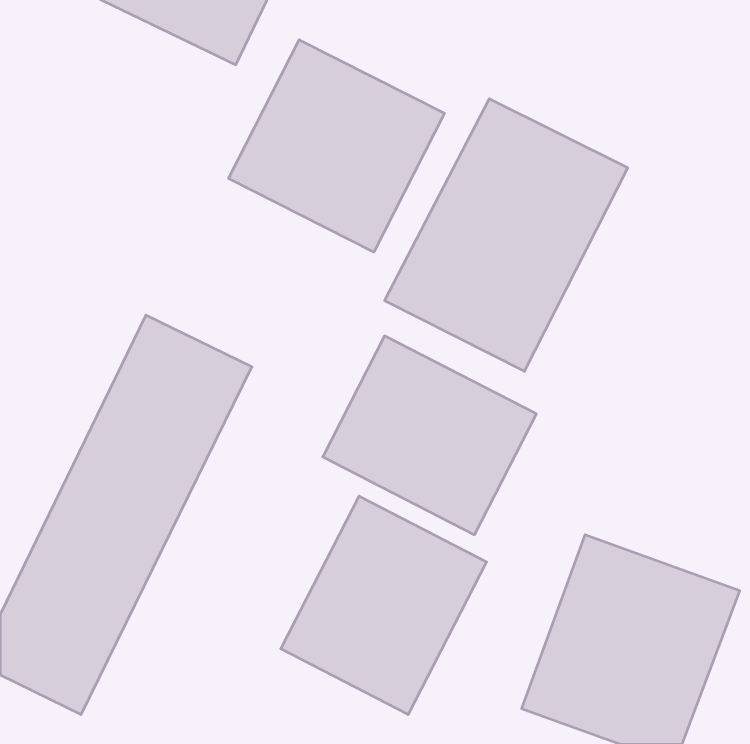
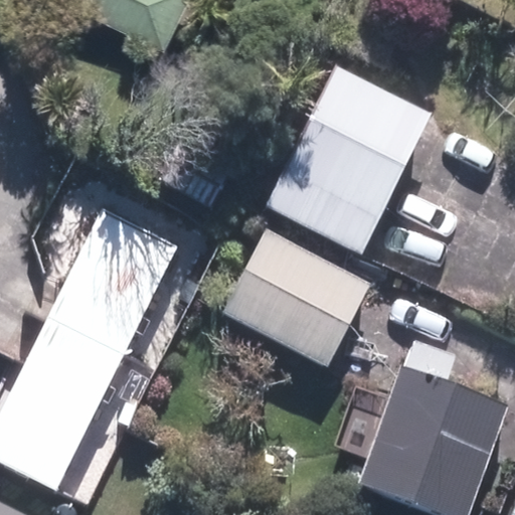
building: [229,40,444,252] -> none
building: [281,496,487,715] -> none

